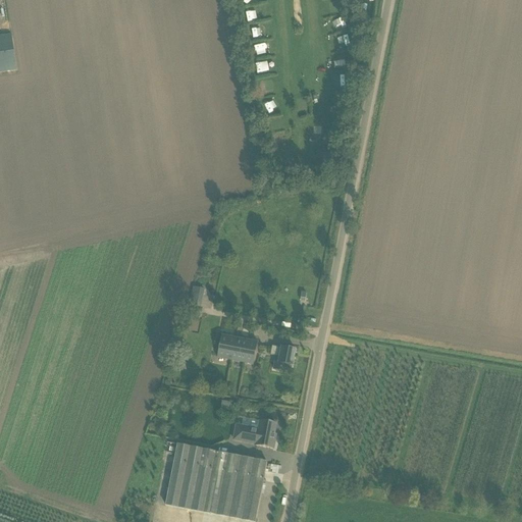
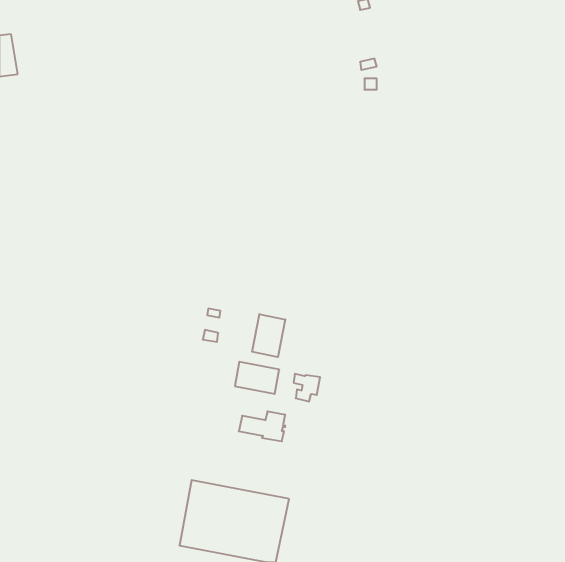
building: none -> [252,314,285,357]
building: [232,419,275,447] -> [239,411,285,441]

